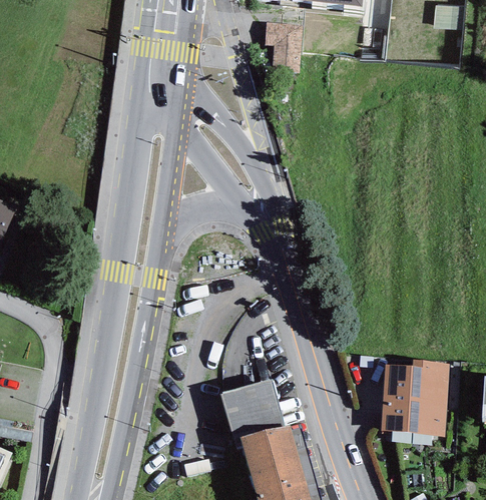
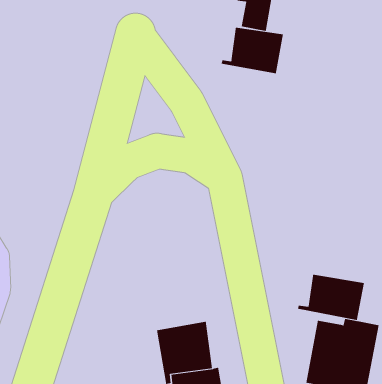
building: none -> [221,27,283,74]
building: none -> [297,274,365,321]

